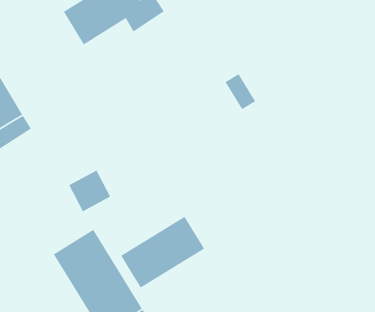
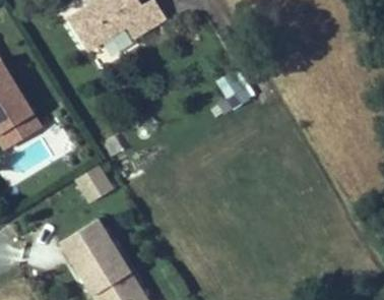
building: [120,216,205,289] -> none

